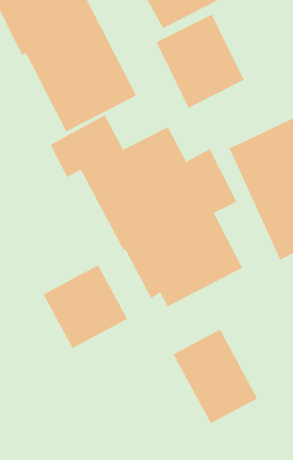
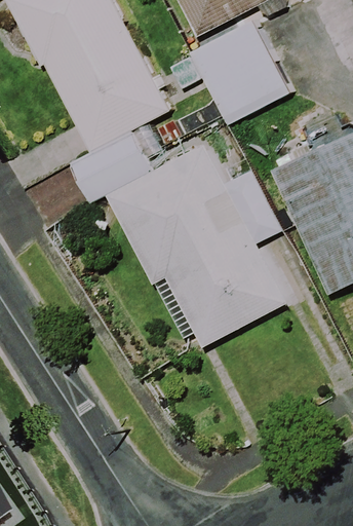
building: [42,264,128,349] -> none
building: [173,329,258,424] -> none

